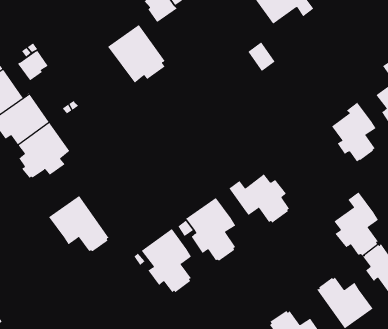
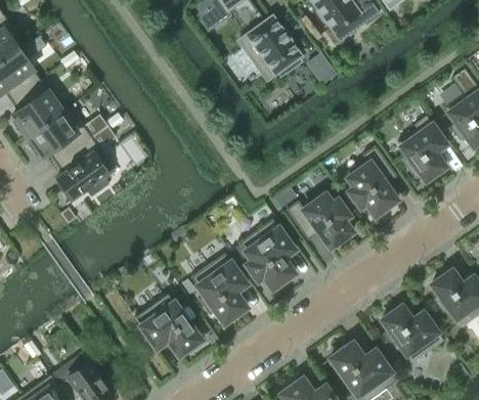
building: [107,24,166,83] -> [238,15,302,80]
building: [17,50,48,81] -> none
building: [334,191,379,256] -> [348,145,397,216]
building: [48,195,110,252] -> [135,294,202,355]

